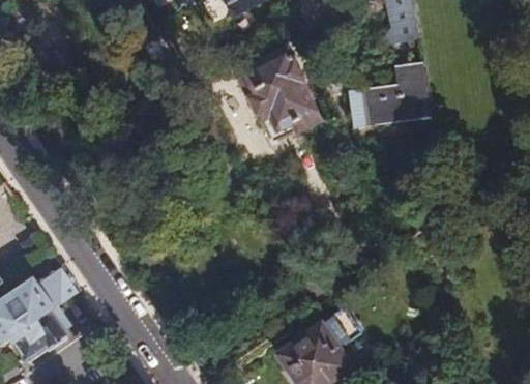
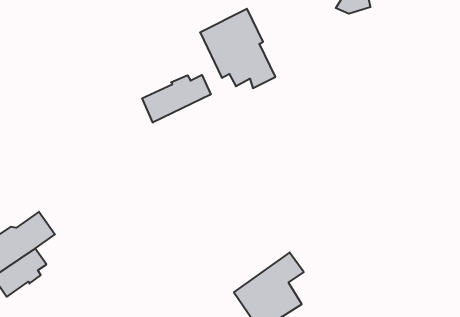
building: [348,59,441,128] -> none
building: none -> [142,75,211,123]

